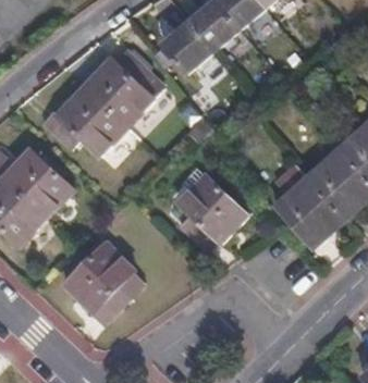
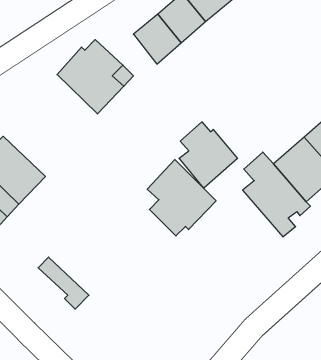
building: [44,85,126,155] -> none
building: none -> [179,122,238,188]
building: [76,242,144,311] -> none

